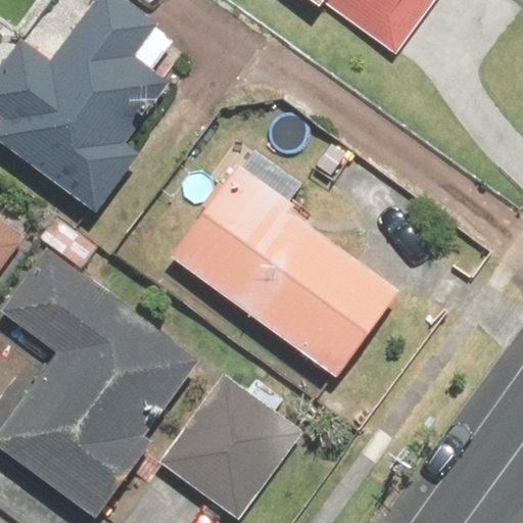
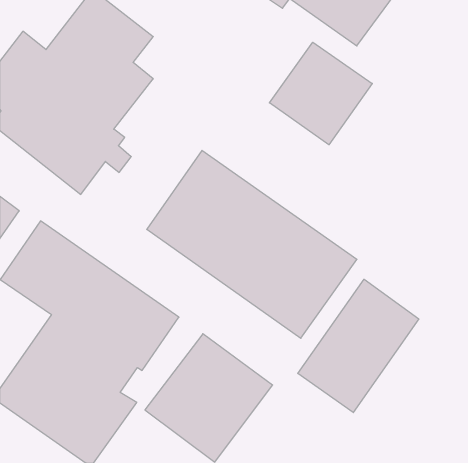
building: none -> [269,42,372,145]
building: none -> [298,279,419,413]

